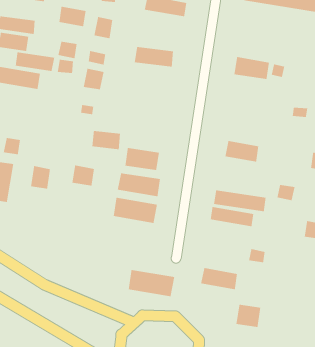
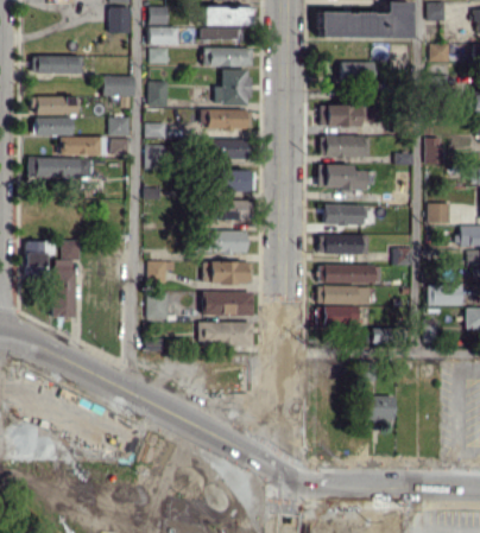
building: none -> [216,69,251,104]
building: none -> [341,62,375,84]
building: none -> [207,138,248,160]
building: none -> [321,135,370,157]
building: none -> [221,170,254,191]
building: none -> [318,164,366,190]
building: [92,130,121,150] -> [214,199,248,221]
building: none -> [324,234,368,254]
building: [30,165,51,189] -> [147,292,169,318]
building: [200,267,238,290] -> [316,305,359,326]
building: [128,269,175,297] -> [200,321,253,347]

